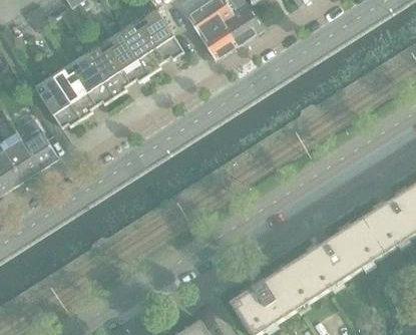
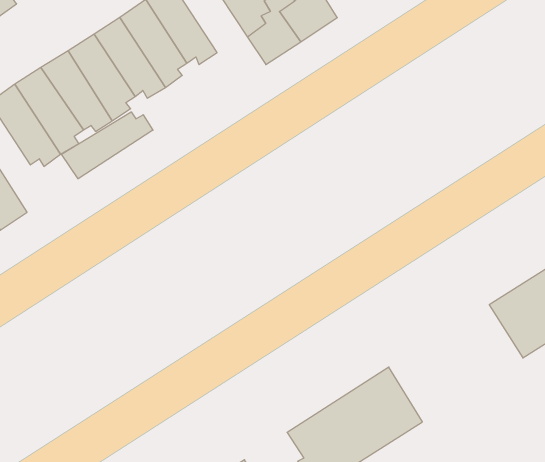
building: none -> [62,112,153,179]
building: [297,218,385,295] -> none

